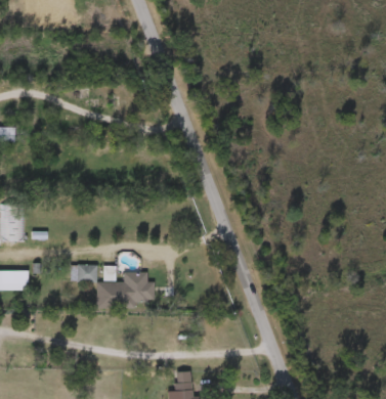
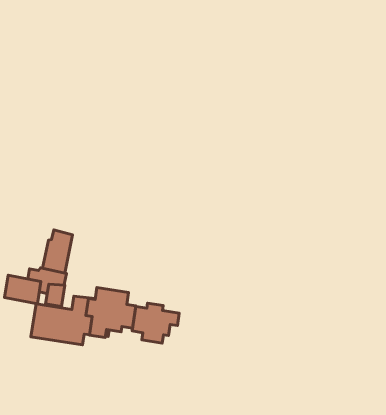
building: none -> [42,230,72,273]
building: none -> [132,303,179,343]

